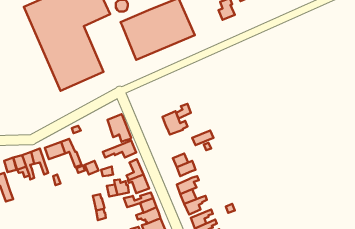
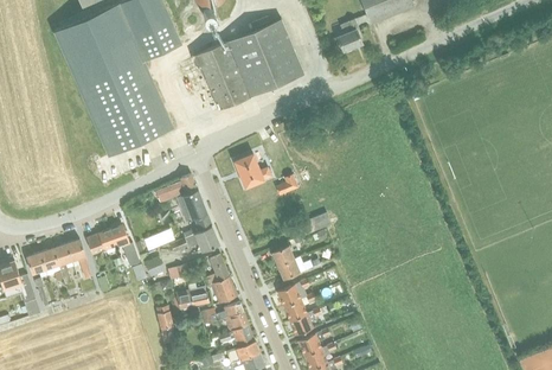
building: none -> [155,176,197,204]
building: [162,111,188,135] -> [233,154,270,189]

